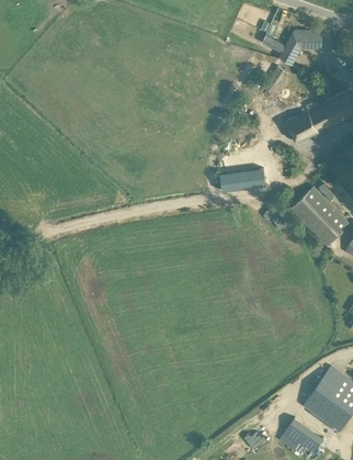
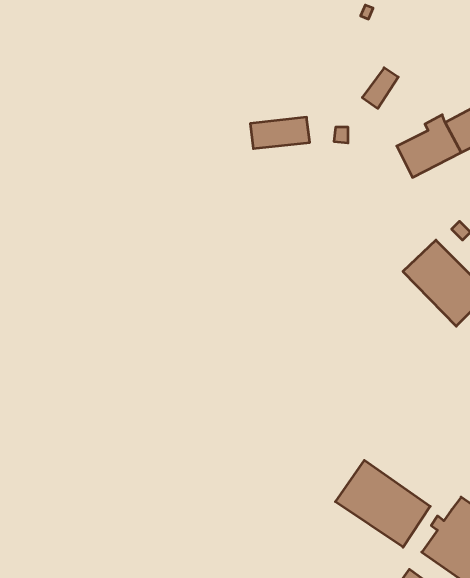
building: [266,32,318,60] -> none
building: [221,169,263,191] -> [250,117,310,149]
building: none -> [335,460,430,547]

